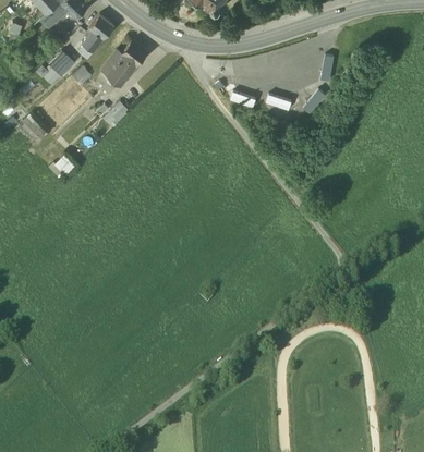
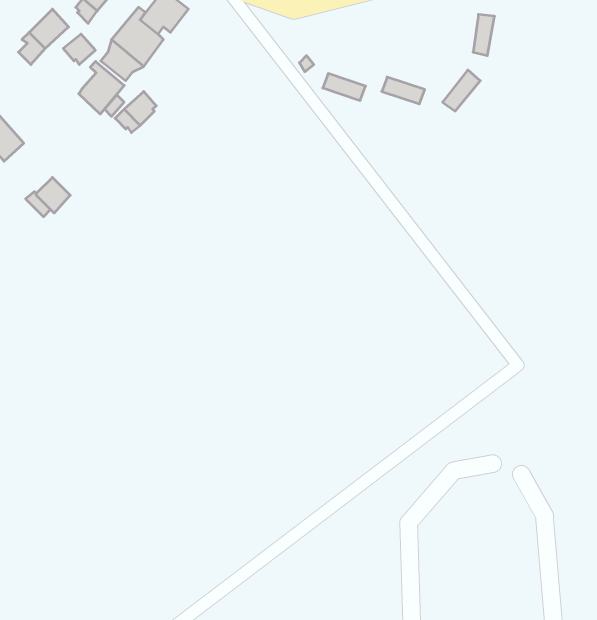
building: none -> [79,61,124,114]

